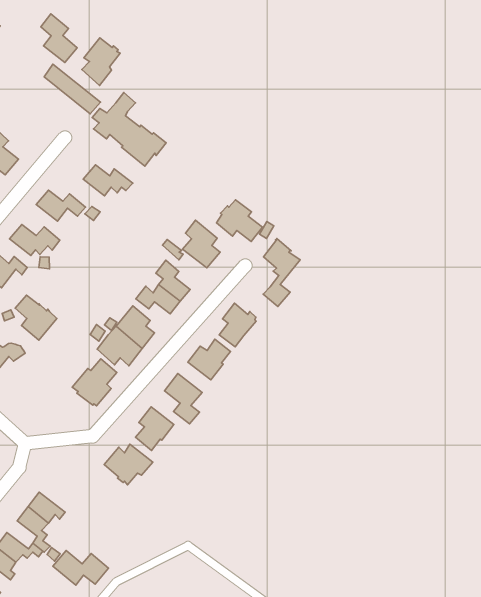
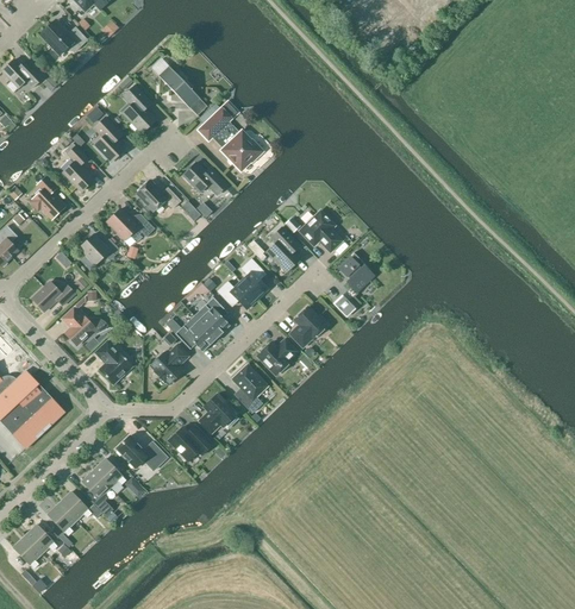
building: [41,14,77,62] -> [124,86,155,132]
building: [82,38,120,85] -> none
building: [15,295,57,340] -> [95,341,132,384]
building: [53,550,109,585] -> [115,435,167,470]

